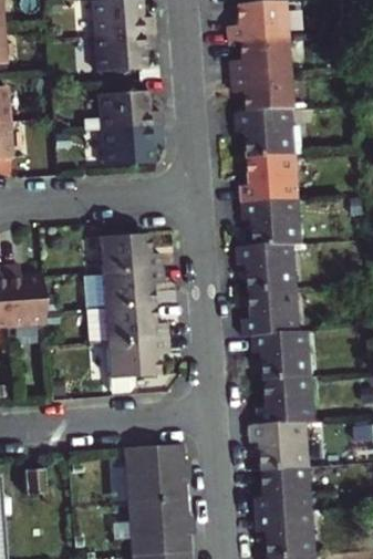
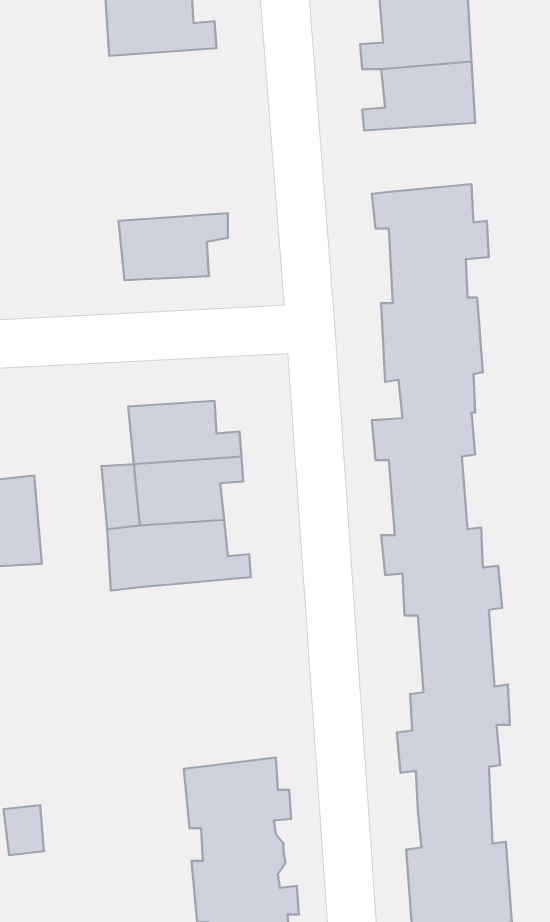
building: [83,31,146,69] -> none
building: [230,74,297,114] -> none
building: [86,93,152,131] -> none
building: [103,337,167,394] -> none

